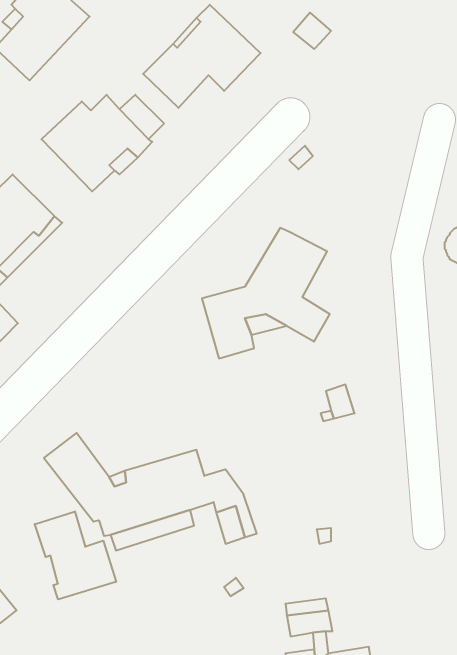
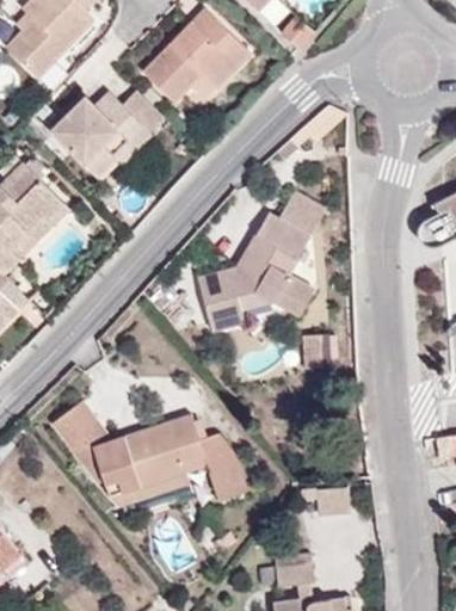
building: none -> [277,189,326,234]
building: [35,511,116,599] -> none

